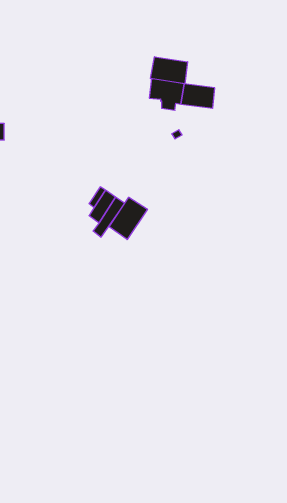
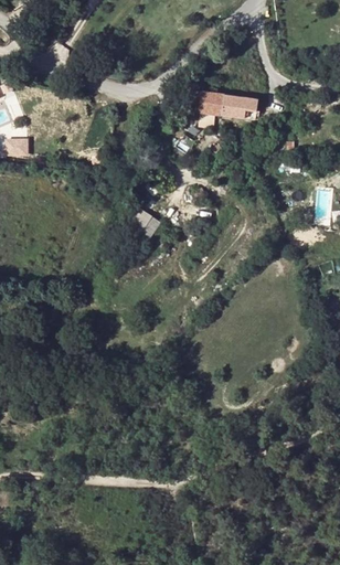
building: [151,57,188,84] -> none
building: [109,197,147,240] -> none

